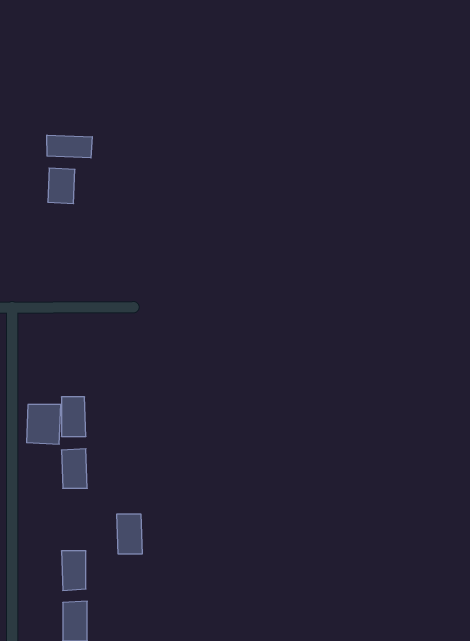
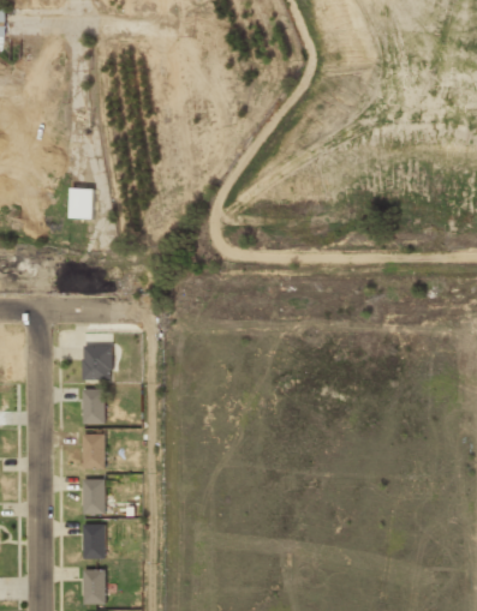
building: [47,135,92,158] -> none
building: [27,405,61,444] -> [83,346,113,381]
building: [117,514,142,554] -> [82,479,105,514]

